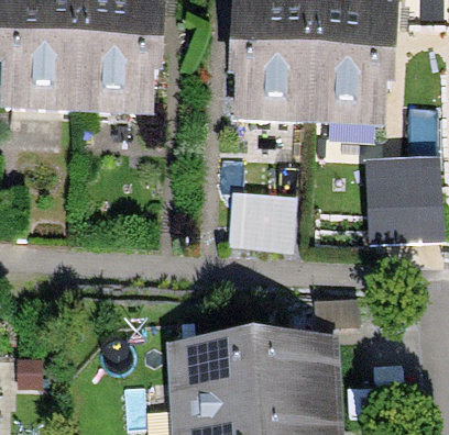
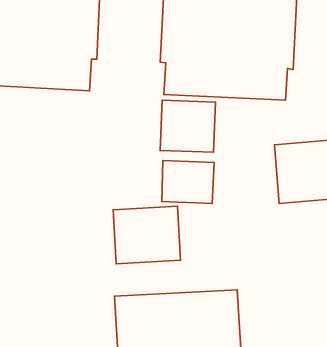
building: none -> [160,100,215,152]
building: none -> [113,206,180,264]

